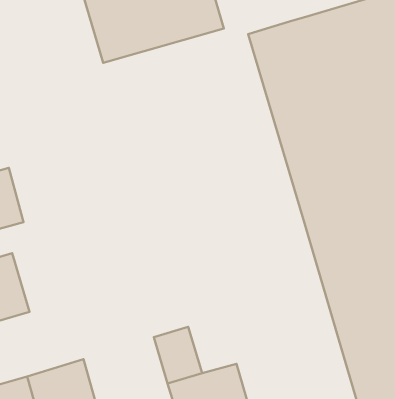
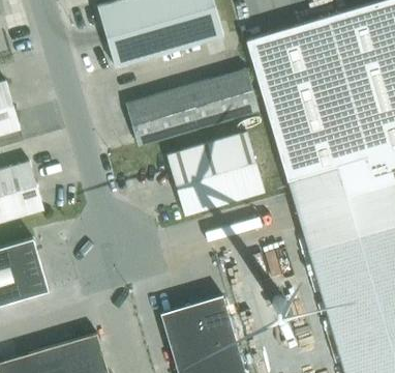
building: none -> [125,69,259,146]
building: none -> [166,133,265,216]
building: none -> [191,296,235,346]

